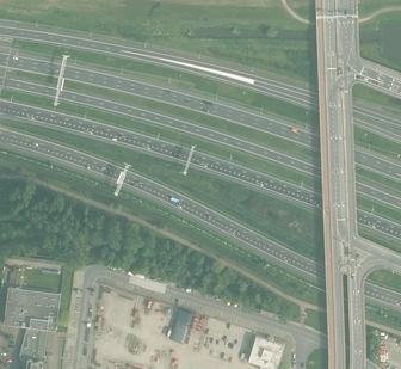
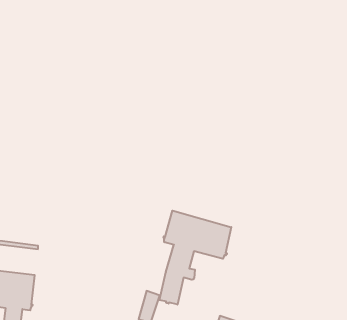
building: none -> [159,211,231,305]

